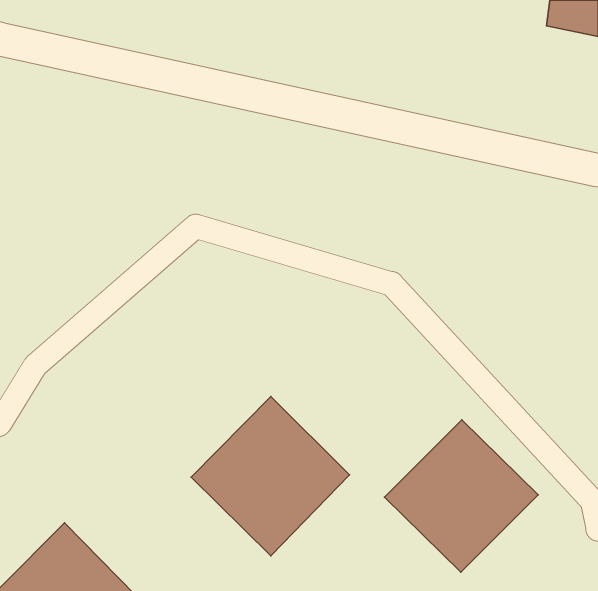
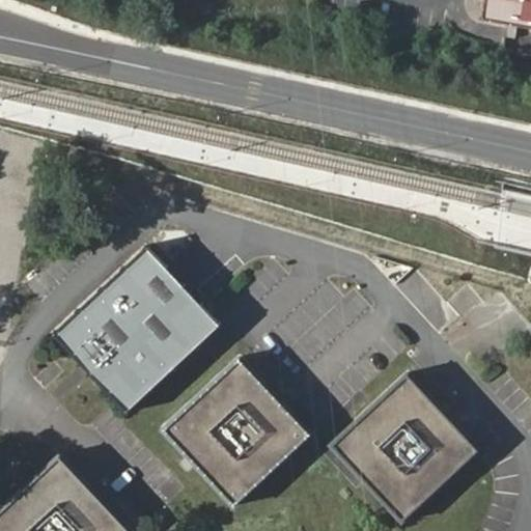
building: none -> [61,258,209,407]

